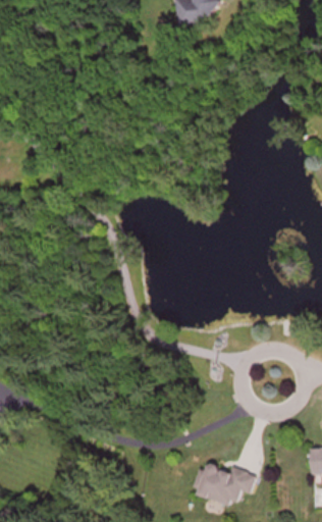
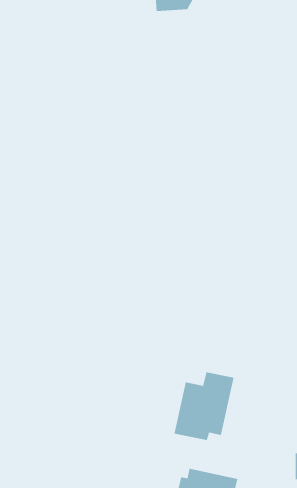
building: none -> [174,371,234,441]

